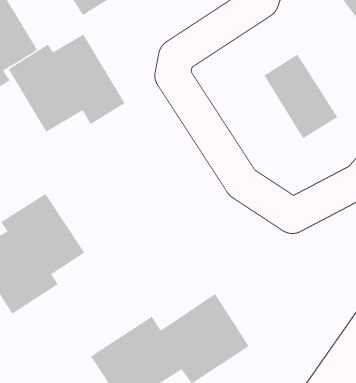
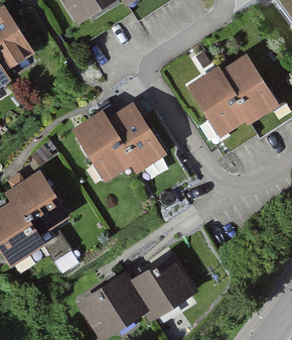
building: [8,34,126,132] -> [75,100,168,179]
building: none -> [180,70,242,138]

